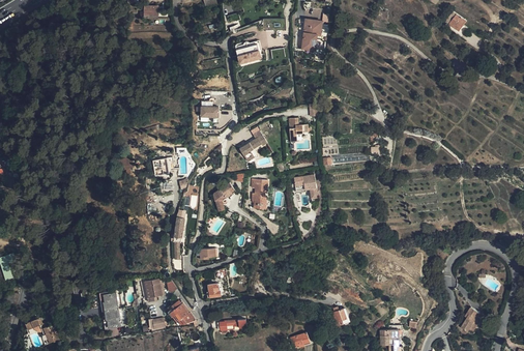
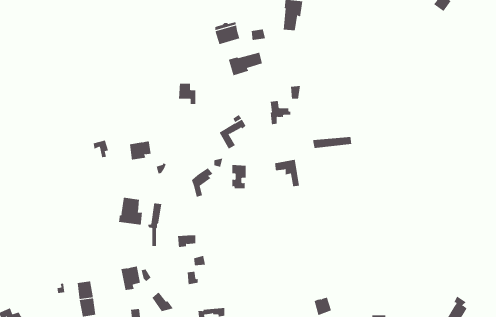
building: none -> [228,52,263,76]
building: none -> [118,197,143,225]

